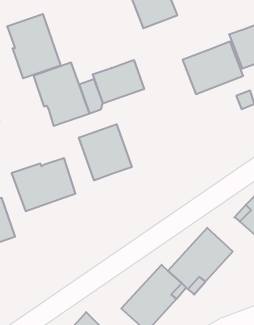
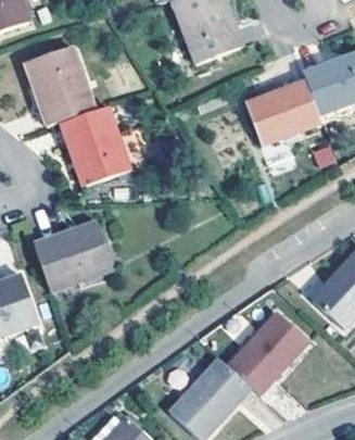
building: [93,60,144,104] -> none
building: [79,124,132,180] -> none

